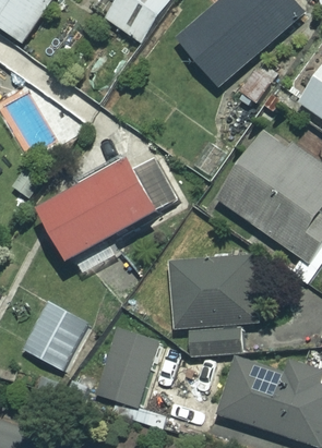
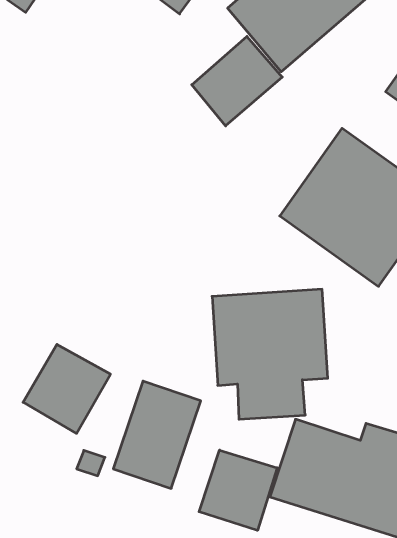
building: none -> [192,36,282,126]
building: [36,156,174,265] -> none
building: none -> [199,450,277,530]

